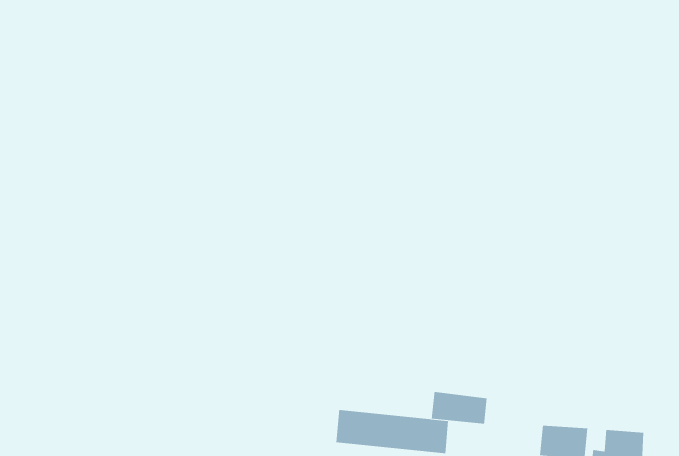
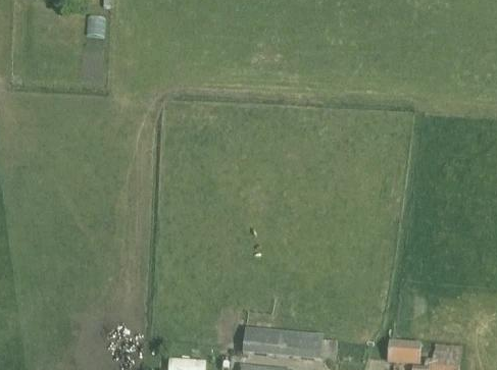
building: [431,391,487,425] -> none

